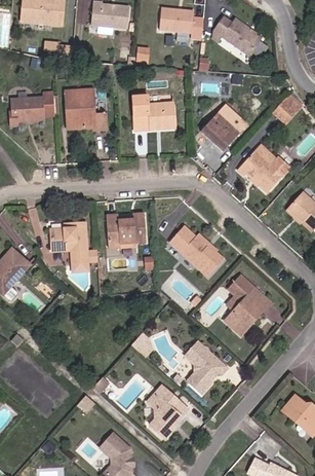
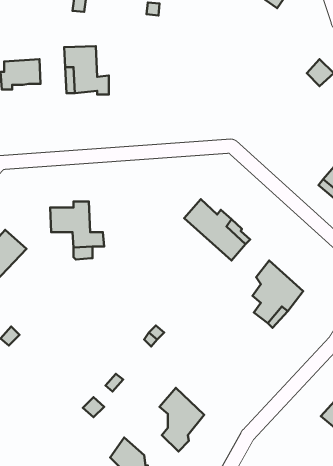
building: [132,94,173,129] -> none
building: [201,111,241,151] -> none
building: [238,153,290,193] -> none
building: [106,214,146,248] -> none
building: [180,339,224,390] -> none

